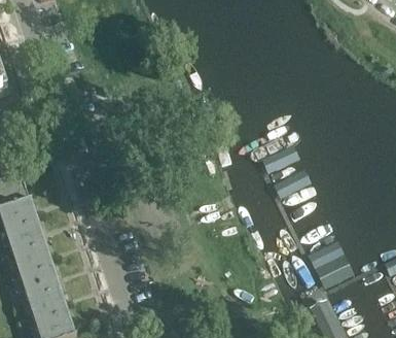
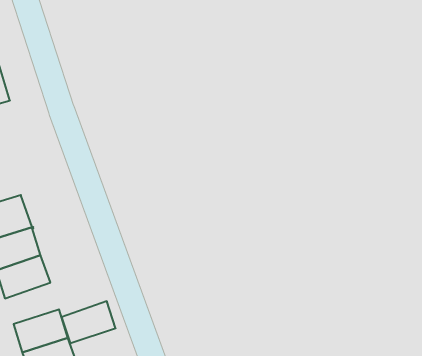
building: [6,240,51,275] -> [61,301,116,343]

